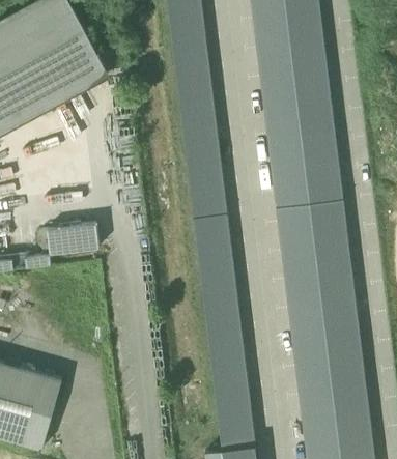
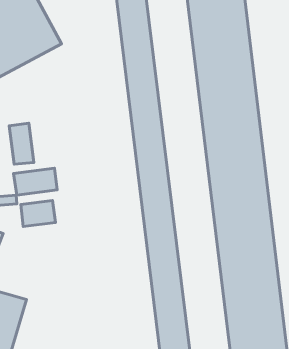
building: none -> [9,123,34,164]
building: none -> [21,200,55,227]

